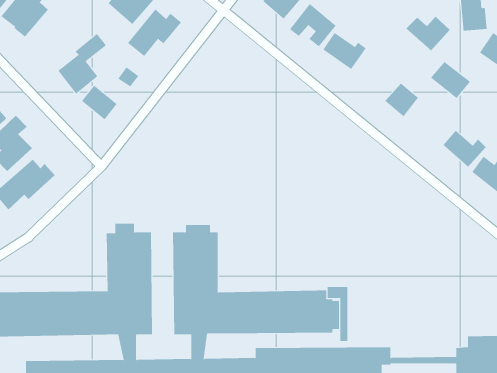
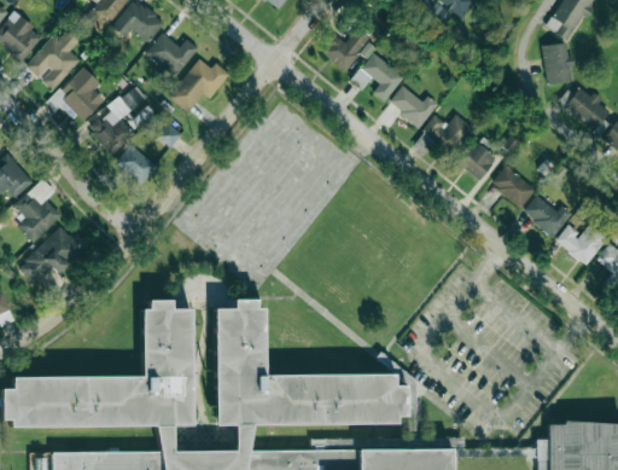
building: [405,16,450,51] -> [422,114,473,153]
building: none -> [47,66,105,122]
building: [430,61,471,99] -> [490,166,536,208]

